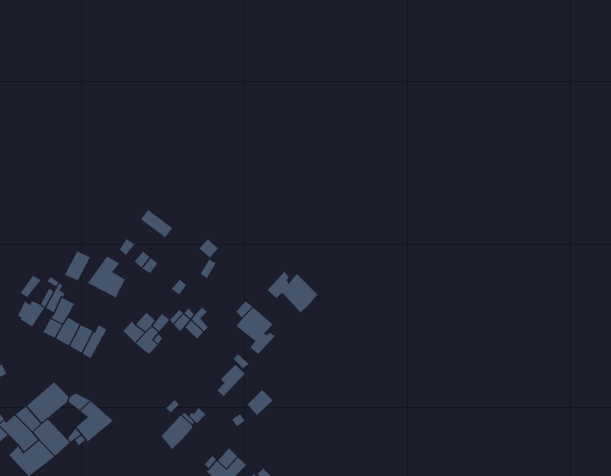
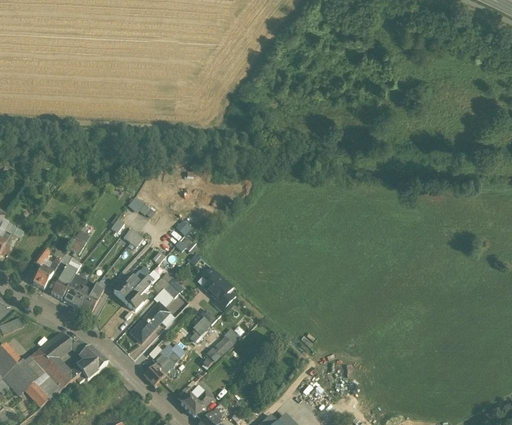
building: [87,255,126,298] -> none
building: [267,271,318,313] -> none
building: none -> [130,302,168,342]

